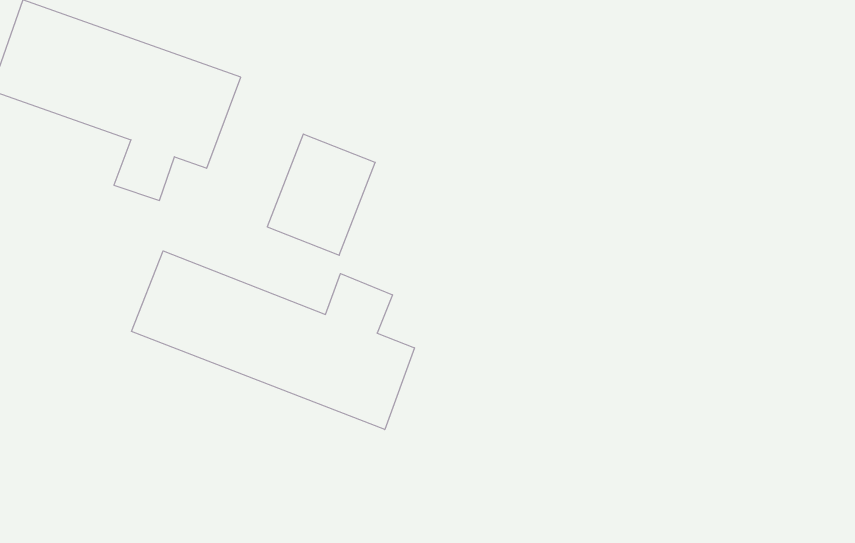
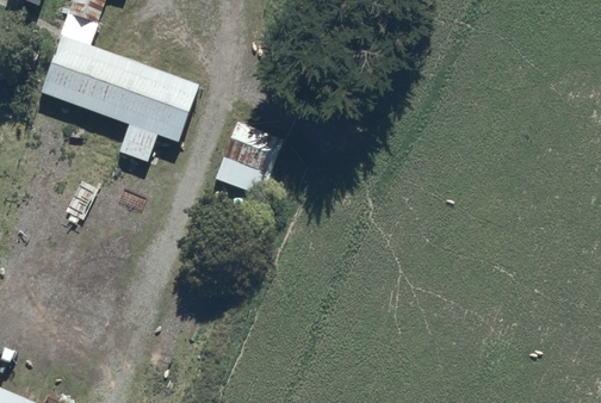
building: [132,251,414,430] -> none

